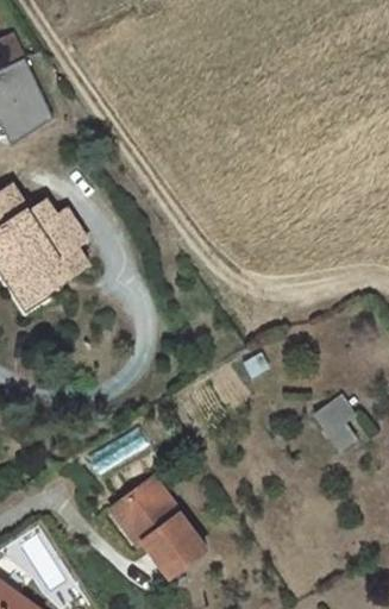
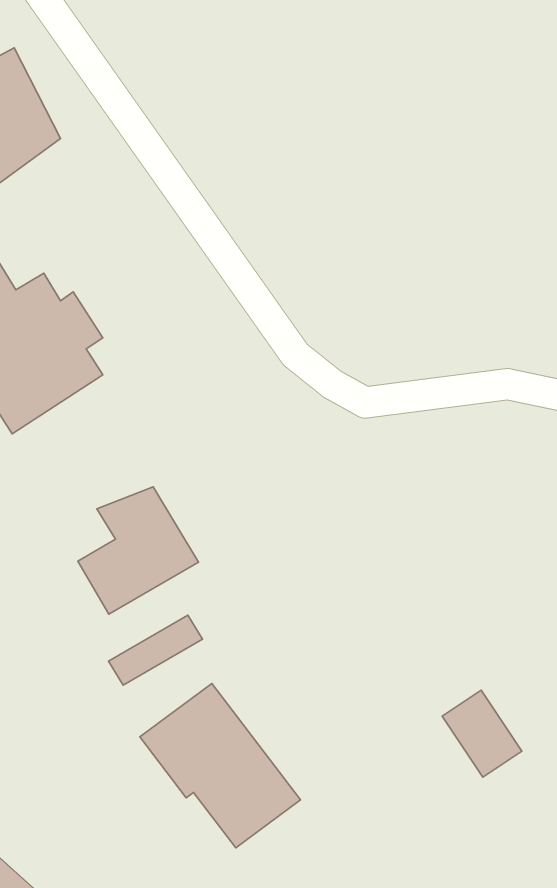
building: none -> [78,487,198,614]
building: [310,393,362,448] -> [442,690,522,777]

